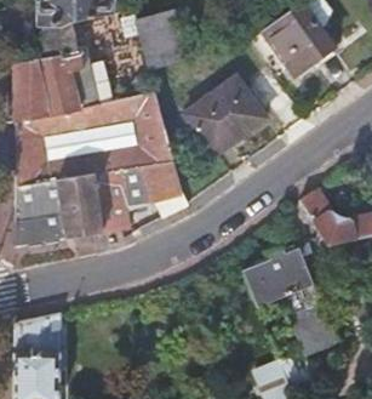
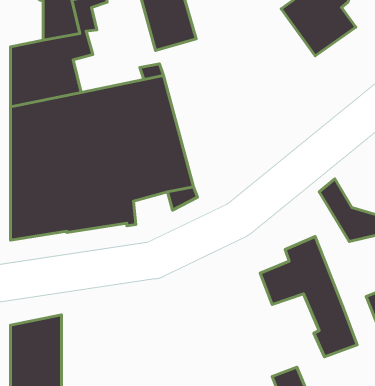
building: [184,76,265,155] -> none

